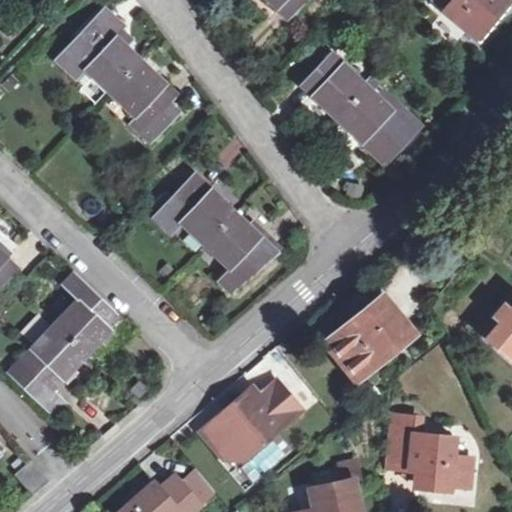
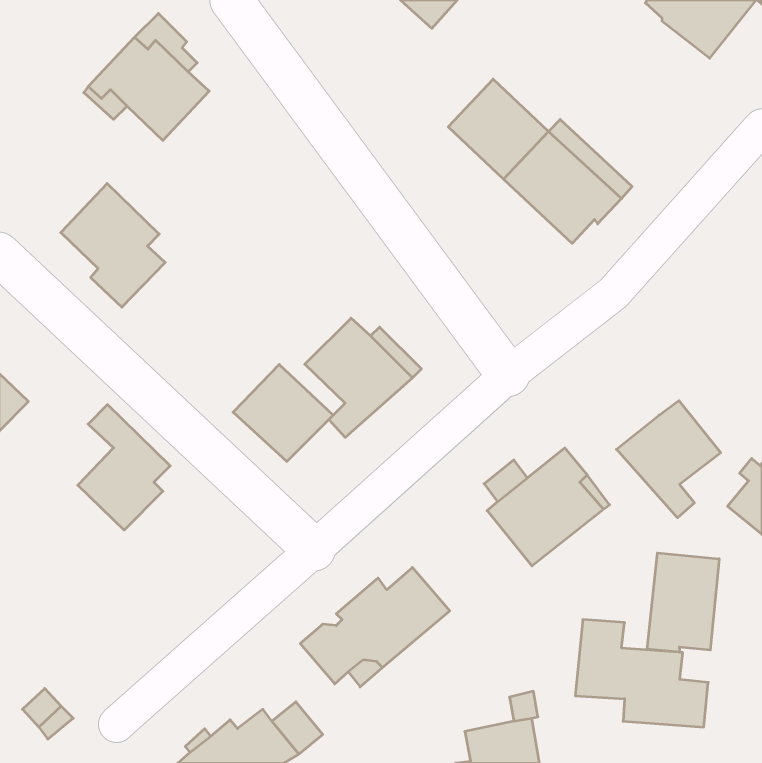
building: [109,61,179,144] -> [61,183,165,307]
building: [168,179,235,244] -> [233,364,333,461]
building: none -> [616,401,721,518]
building: [6,325,83,414] -> none
building: none -> [647,553,719,652]

